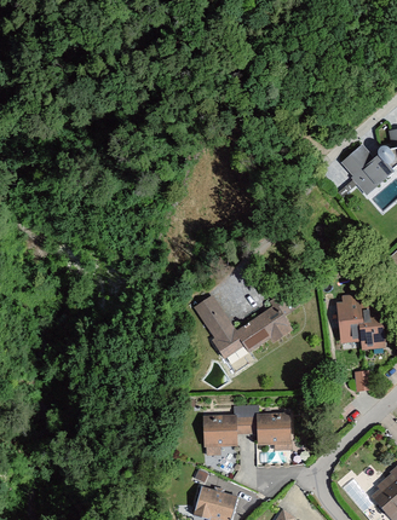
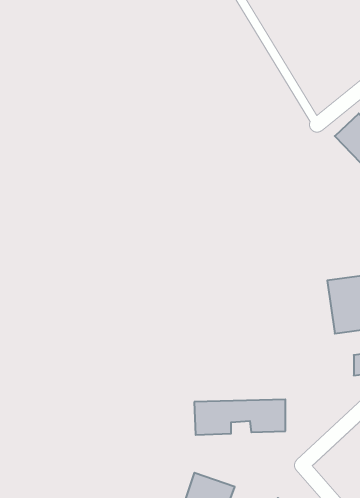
building: [191,290,295,375] -> none

